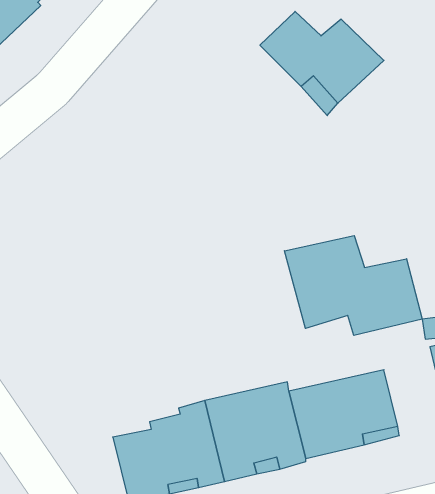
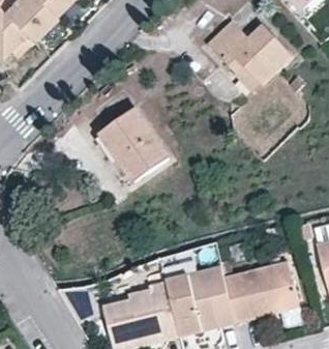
building: none -> [100,109,165,179]
building: [284,236,422,335] -> none

